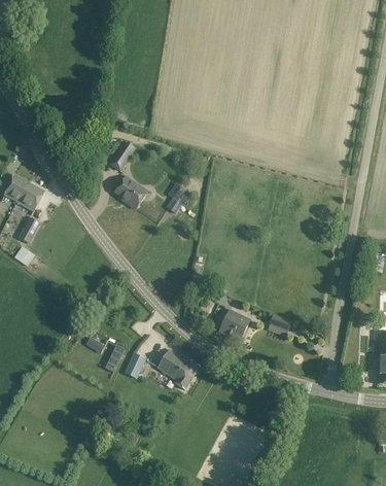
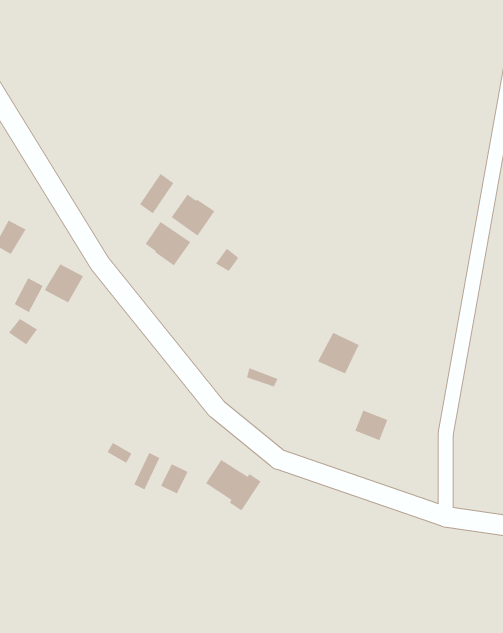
building: none -> [171,194,215,236]
building: [15,181,44,210] -> [44,264,84,303]
building: [218,309,249,340] -> [317,332,359,374]

